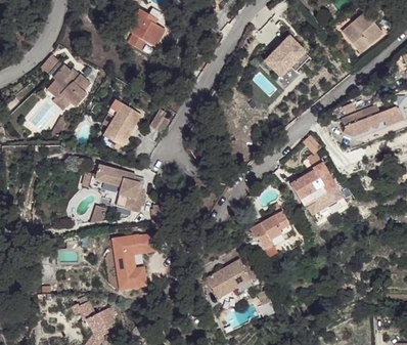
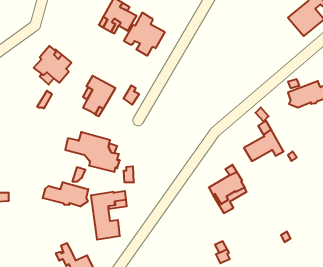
building: none -> [124,13,165,56]
building: [266,36,311,75] -> none
building: [300,184,347,221] -> none
building: none -> [43,182,88,207]
building: [207,258,258,297] -> none

